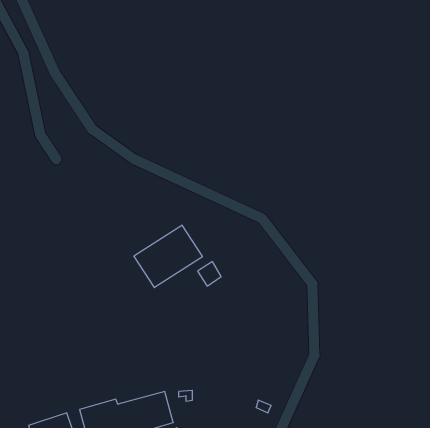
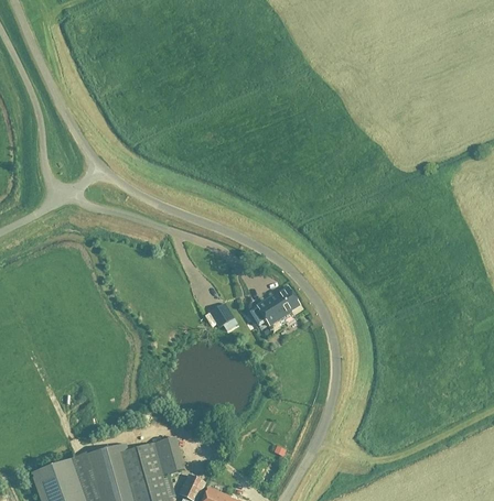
building: [134,225,202,288] -> none
building: none -> [256,286,300,325]

